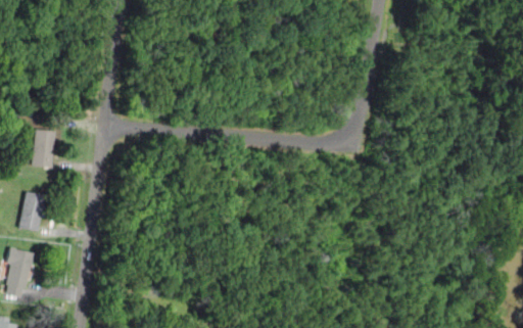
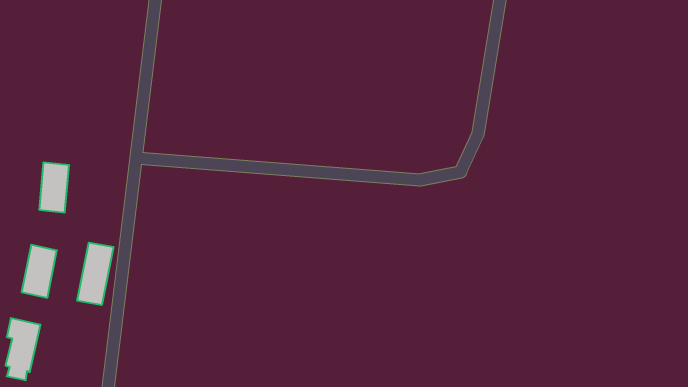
building: none -> [77,243,113,305]

